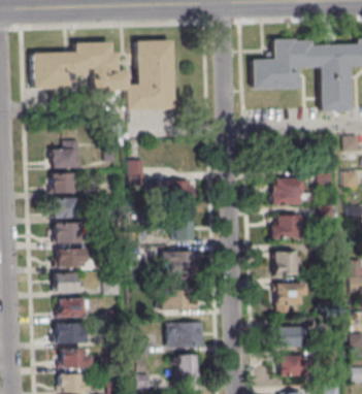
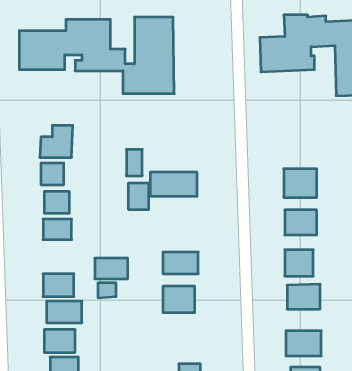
building: [173,216,192,239] -> [128,183,149,209]
building: [57,249,87,267] -> [95,258,128,279]
building: [166,323,205,348] -> none

